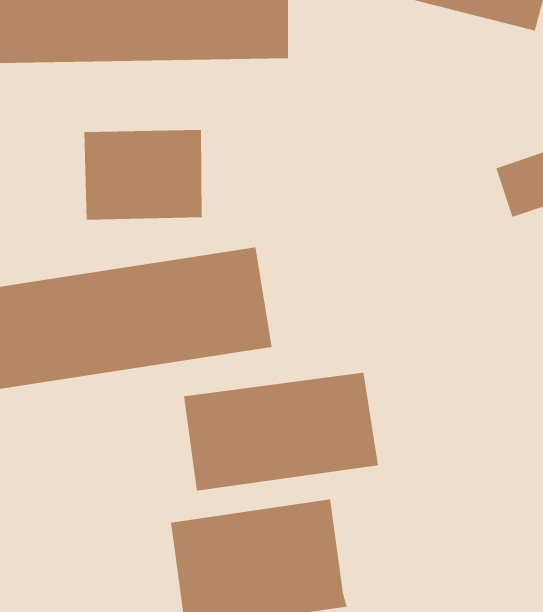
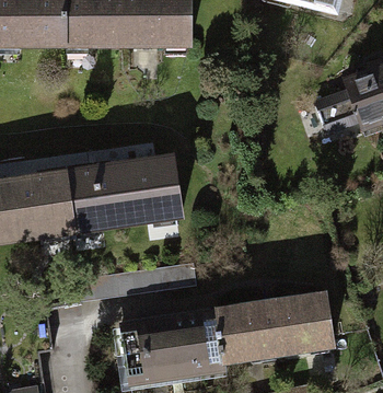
building: [84,129,202,221] -> none
building: [183,372,379,491] -> [217,291,334,362]

